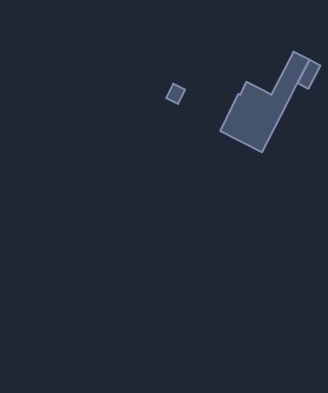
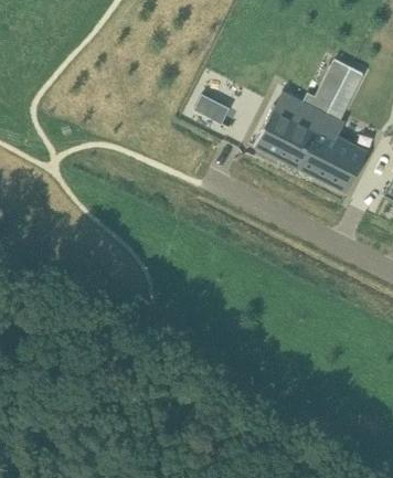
building: none -> [300,115,368,192]

